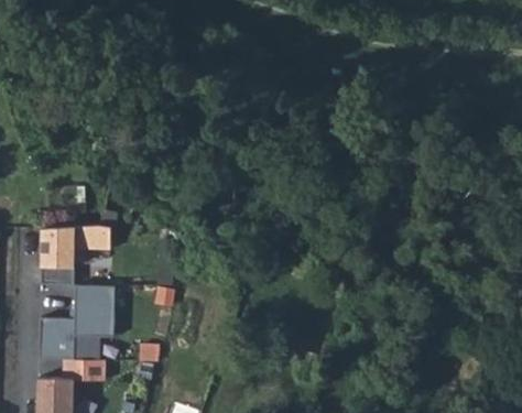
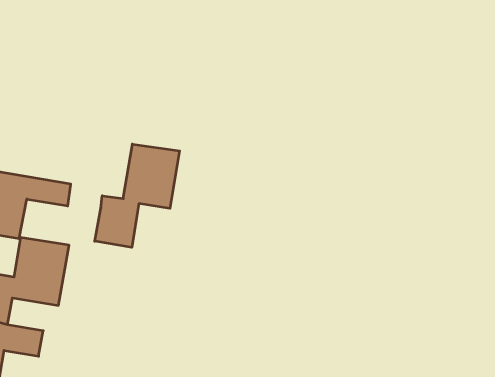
building: none -> [95,144,180,247]

